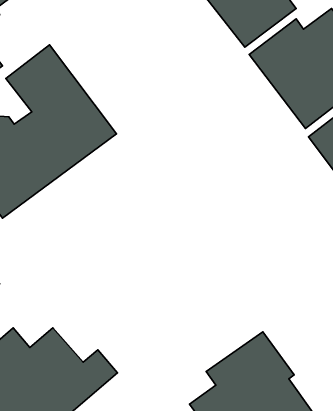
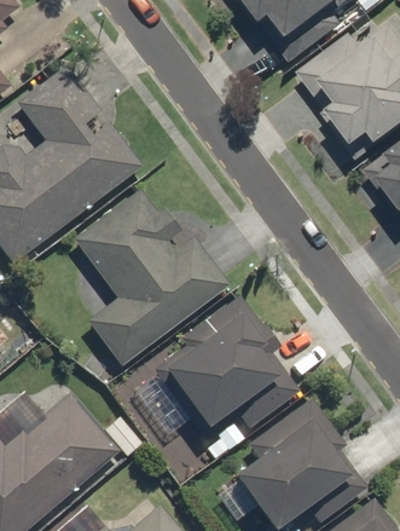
building: none -> [73,189,231,368]
building: none -> [153,294,298,440]

